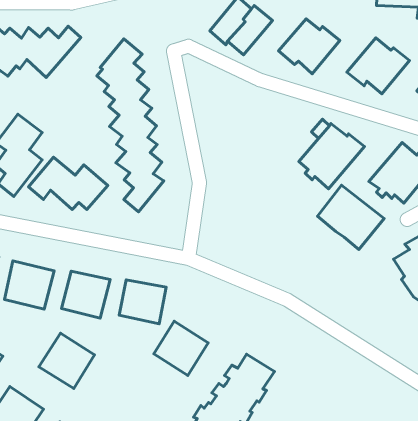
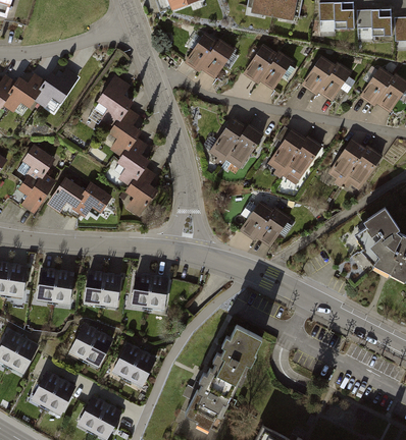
building: none -> [209,117,264,169]
building: [318,185,384,250] -> [243,202,298,254]
building: [154,321,208,375] -> [112,342,156,386]

